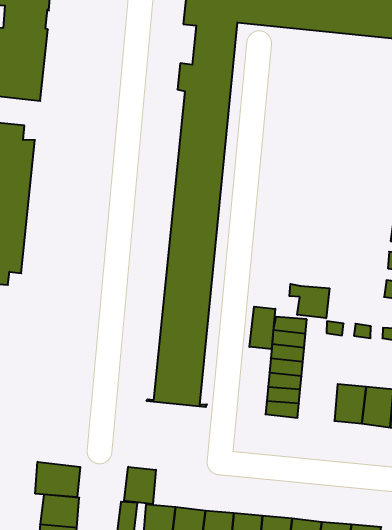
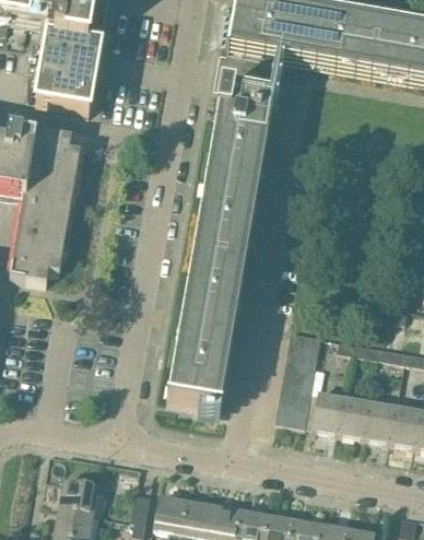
building: [289,284,329,318] -> none
building: [249,307,275,349] -> none
building: none -> [310,390,343,430]
building: [35,462,80,497] -> none
building: [124,467,156,504] -> none

